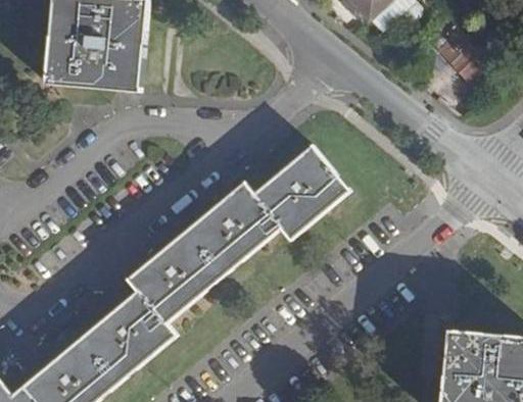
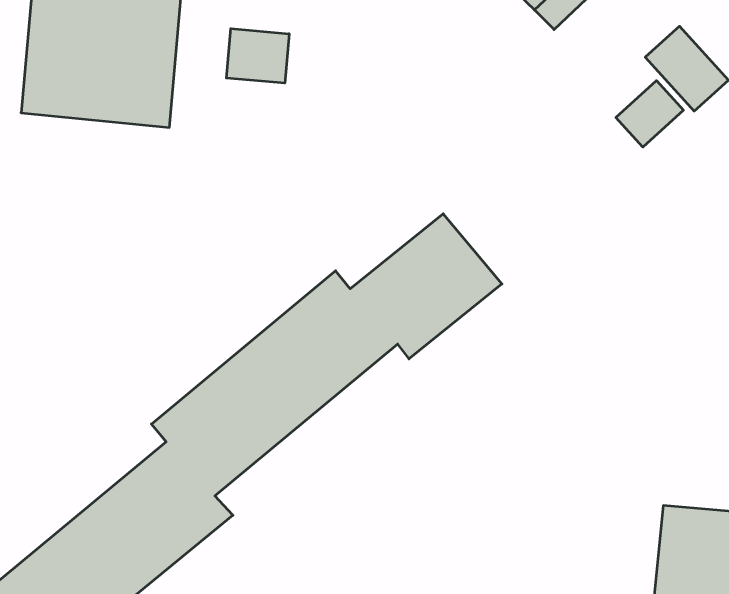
building: none -> [226,29,289,83]
building: none -> [616,81,683,147]

